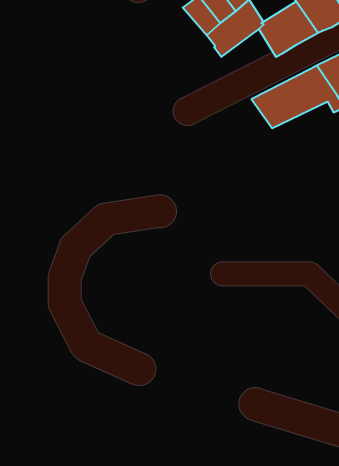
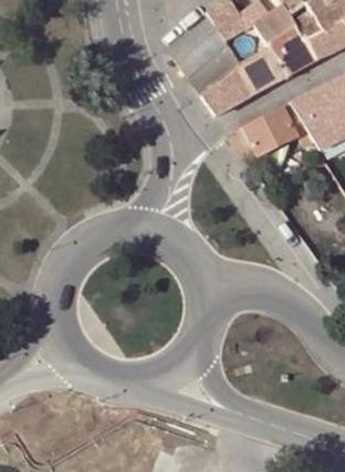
building: none -> [202,69,251,114]

